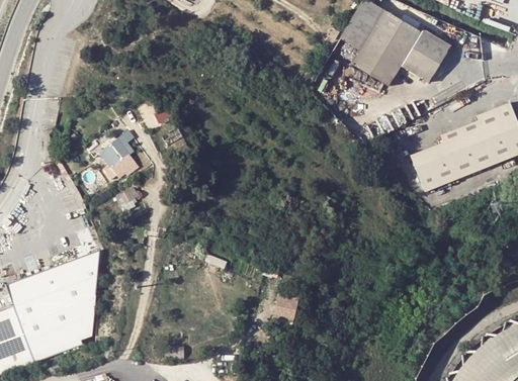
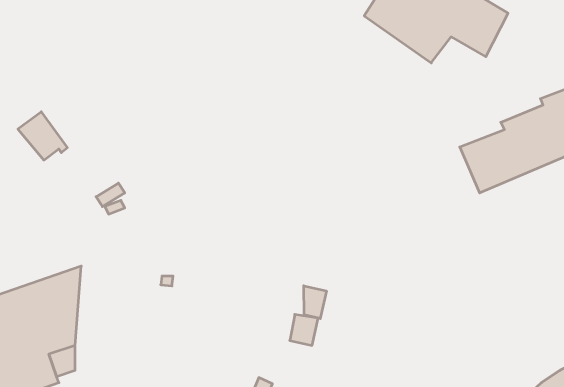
building: [95,135,136,175] -> [18,112,67,160]
building: none -> [304,286,326,319]

